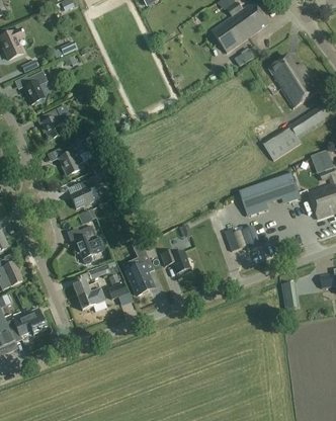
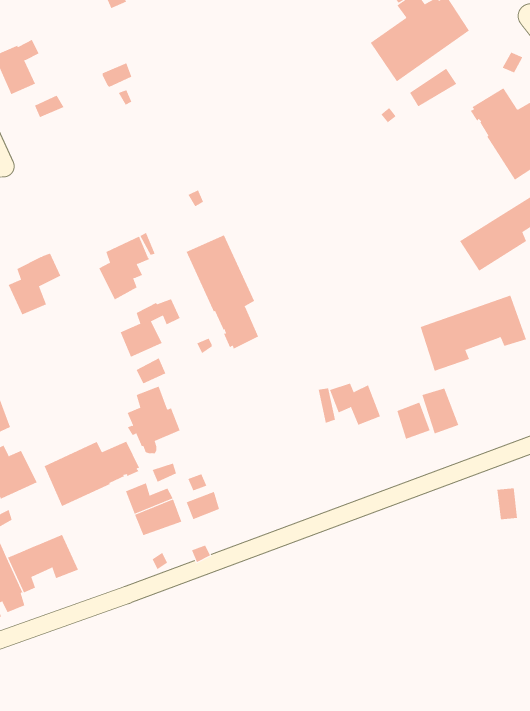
building: [22,70,48,103] -> none
building: [39,103,70,139] -> [8,253,61,315]
building: none -> [186,235,259,350]
building: [160,248,189,272] -> [329,383,381,426]
building: [124,253,153,294] -> none
building: none -> [44,441,140,507]

